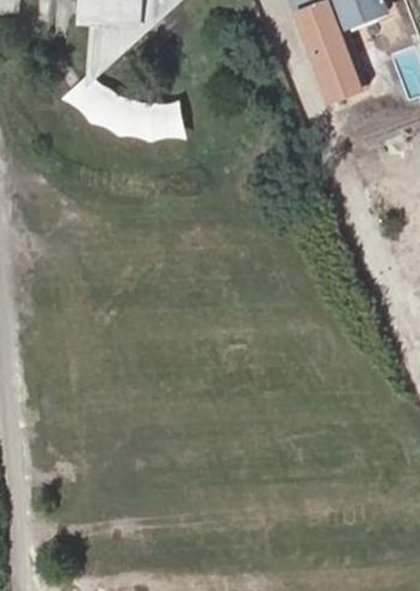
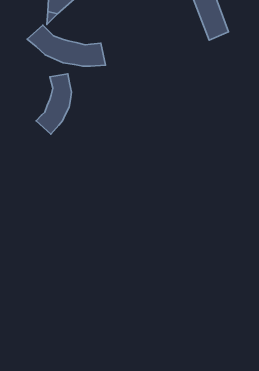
building: none -> [36,74,71,134]

